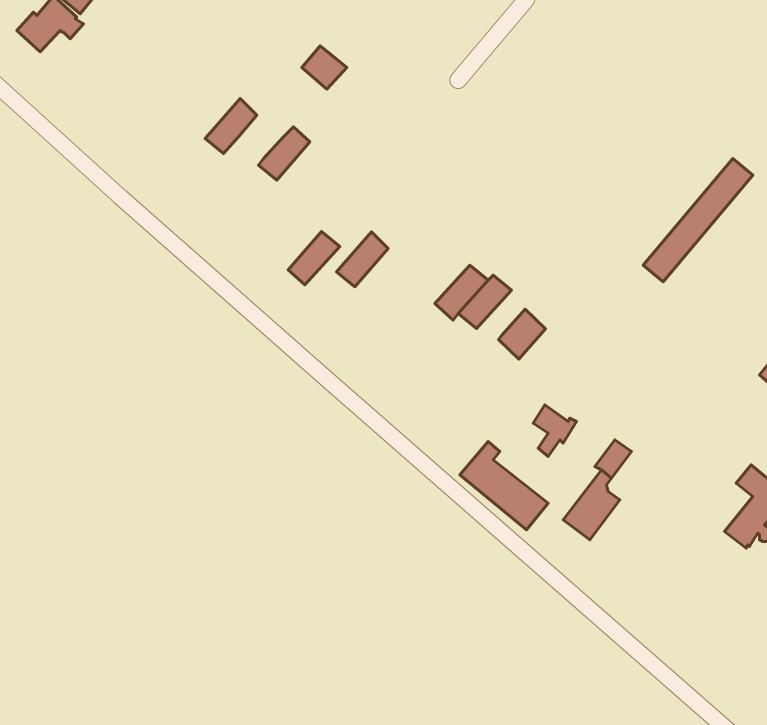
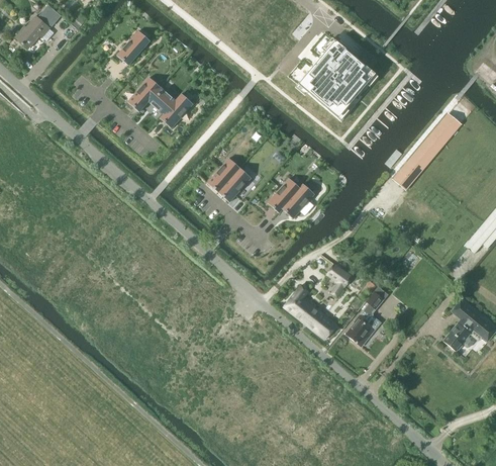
building: none -> [118,30,150,64]
building: none -> [299,41,373,115]
building: [302,46,347,89] -> [148,87,176,113]
building: [288,231,340,285] -> [219,168,251,200]
building: [498,309,545,359] -> none

